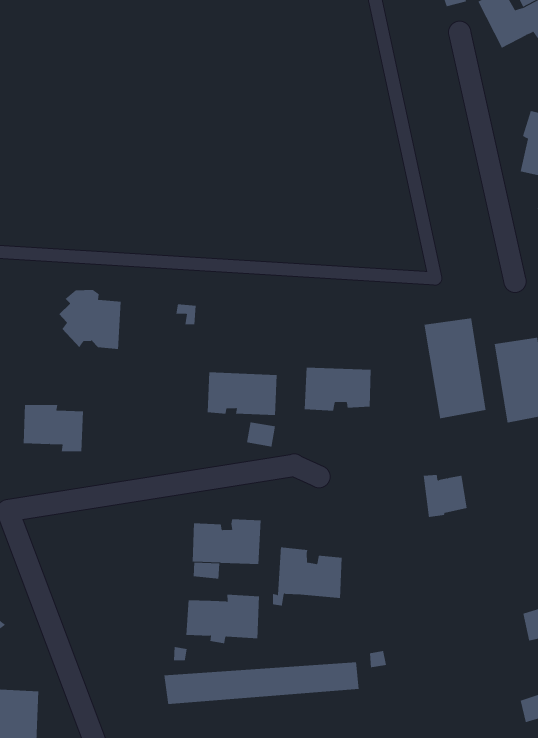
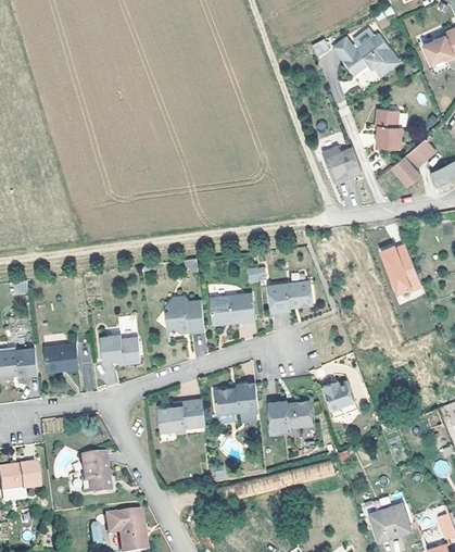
building: none -> [320,143,361,181]
building: [59,290,122,349] -> [164,297,204,334]
building: [424,317,486,419] -> none
building: [423,474,467,518] -> [321,382,352,412]
building: [185,594,260,644] -> [161,401,207,434]

